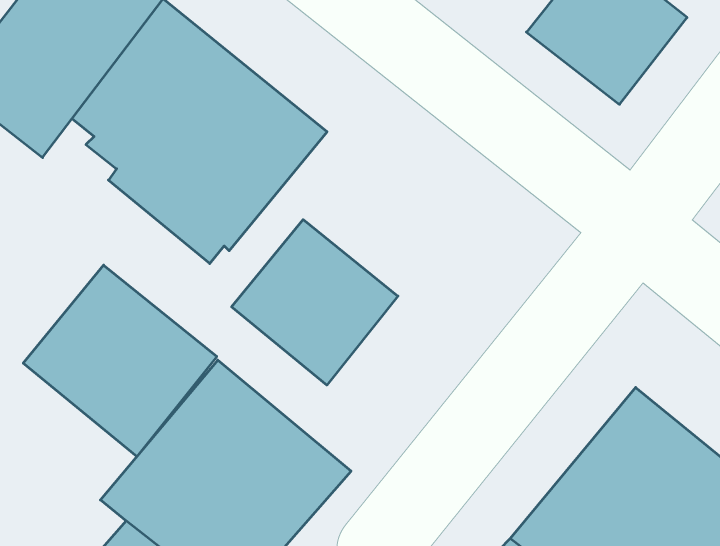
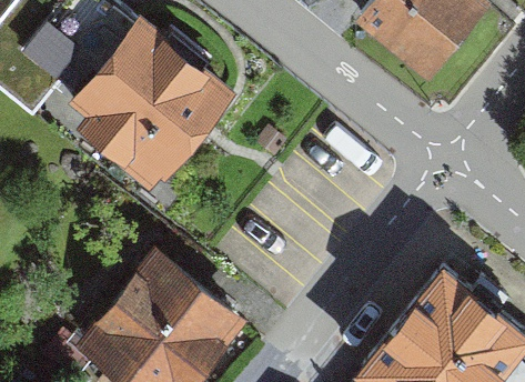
building: [232,220,398,385] -> none
building: [23,265,217,456] -> none

